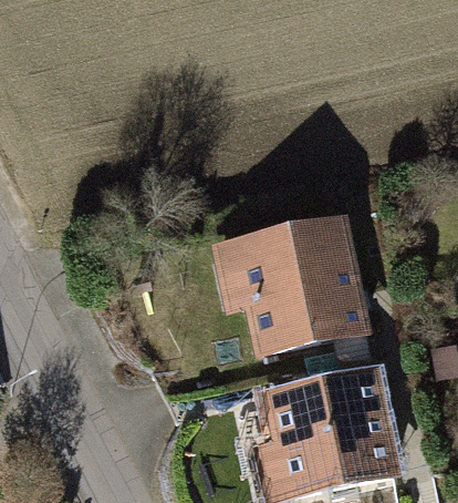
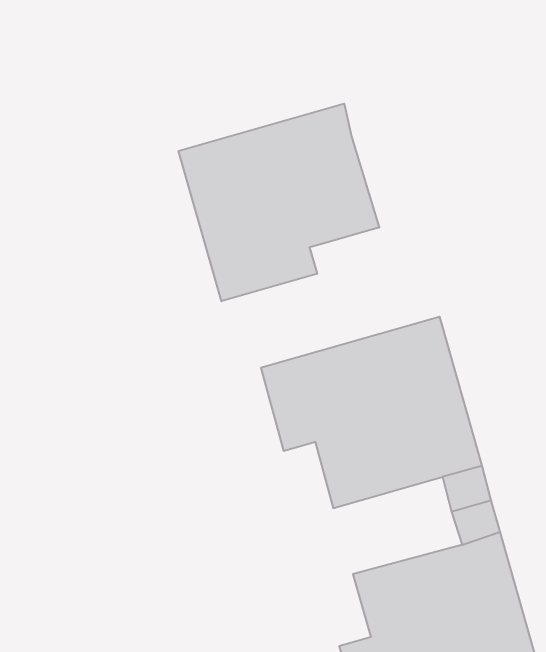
building: none -> [179,104,379,301]

